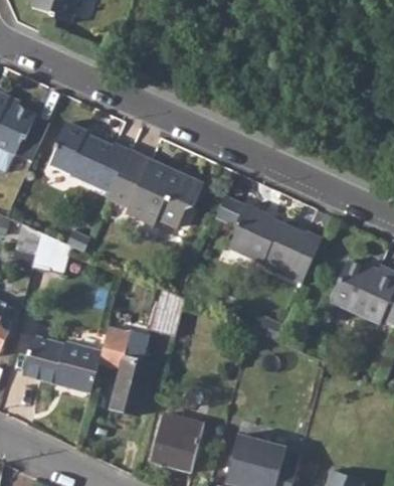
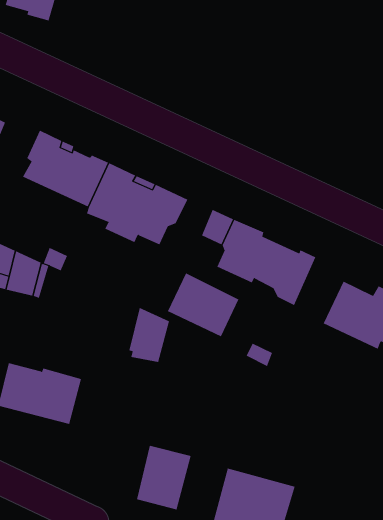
building: none -> [167,273,239,337]
building: [102,329,152,417] -> none

